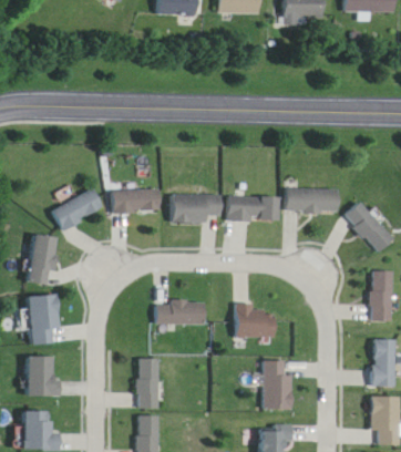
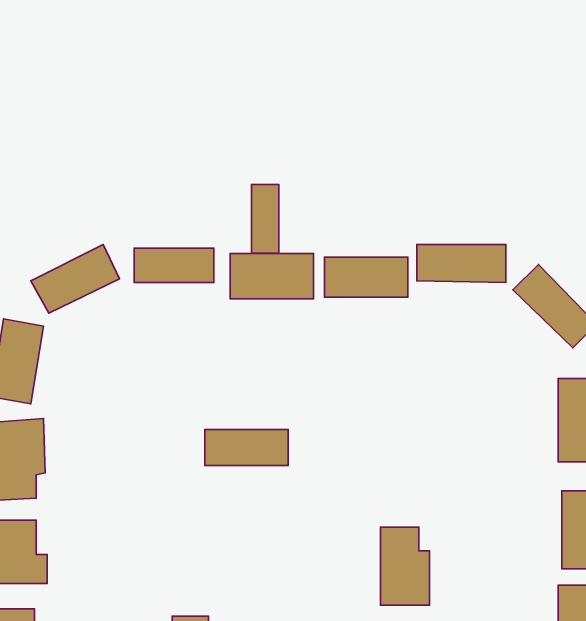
building: none -> [252,184,279,253]
building: [235,302,275,338] -> none
building: [135,358,158,408] -> none

